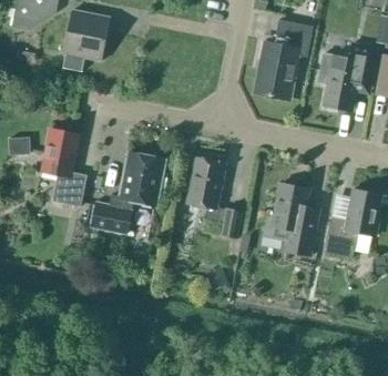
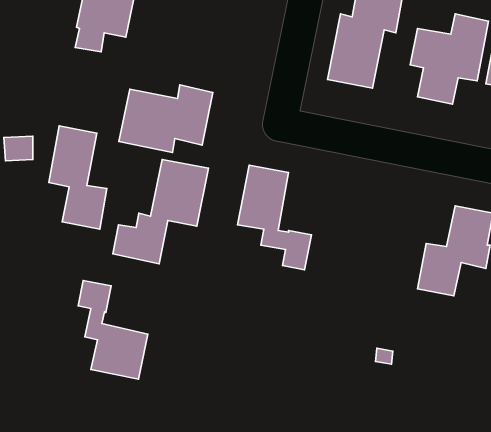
building: none -> [119,85,213,152]
building: [263,183,319,256] -> none
building: none -> [78,281,148,379]

